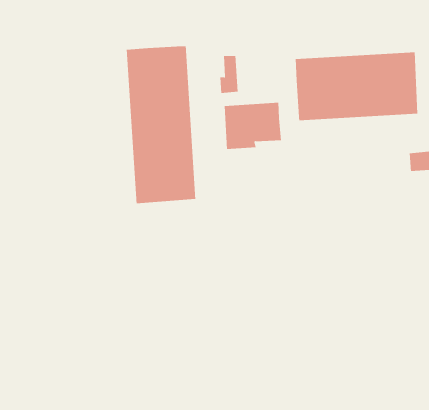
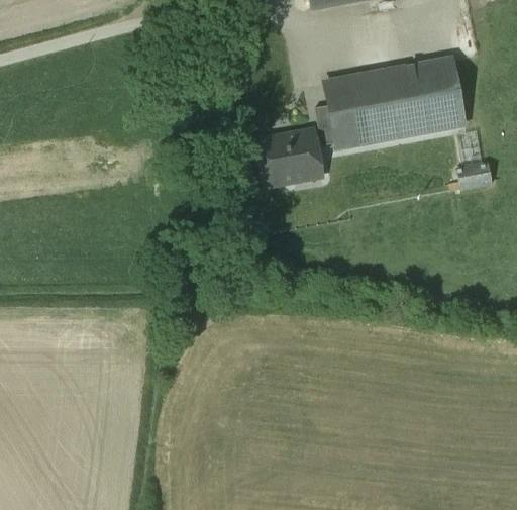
building: [126,45,196,204] -> none
building: [220,56,238,93] -> [315,104,337,146]

